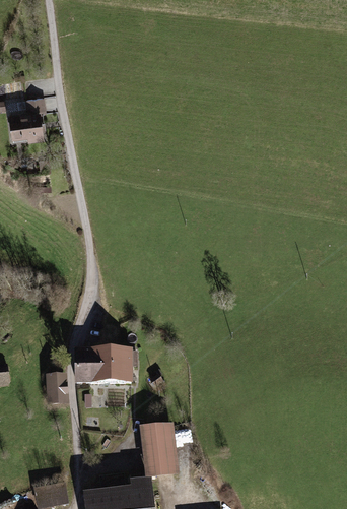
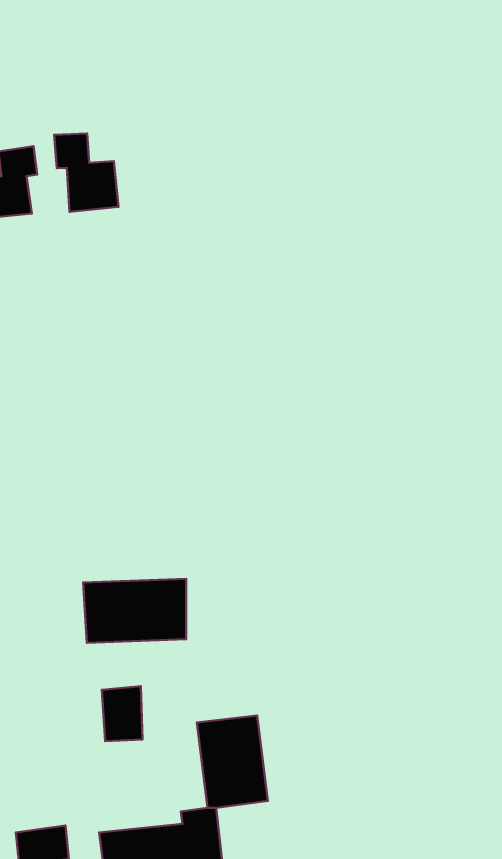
building: none -> [54,134,119,212]
building: [45,372,68,403] -> [102,686,143,741]

